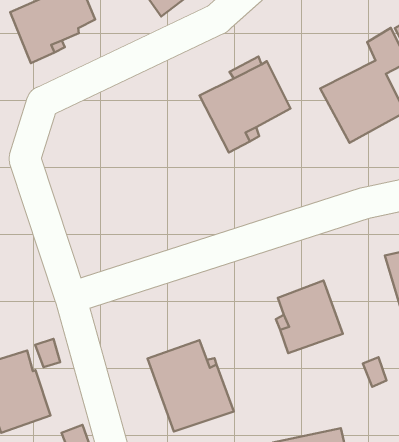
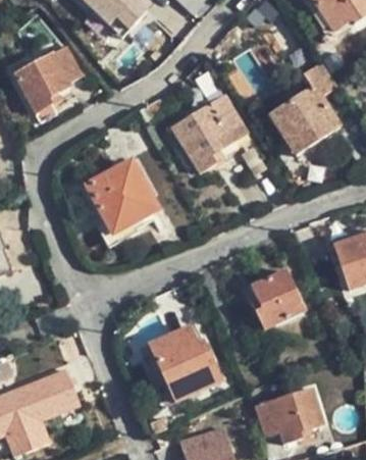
building: none -> [87,160,158,235]

